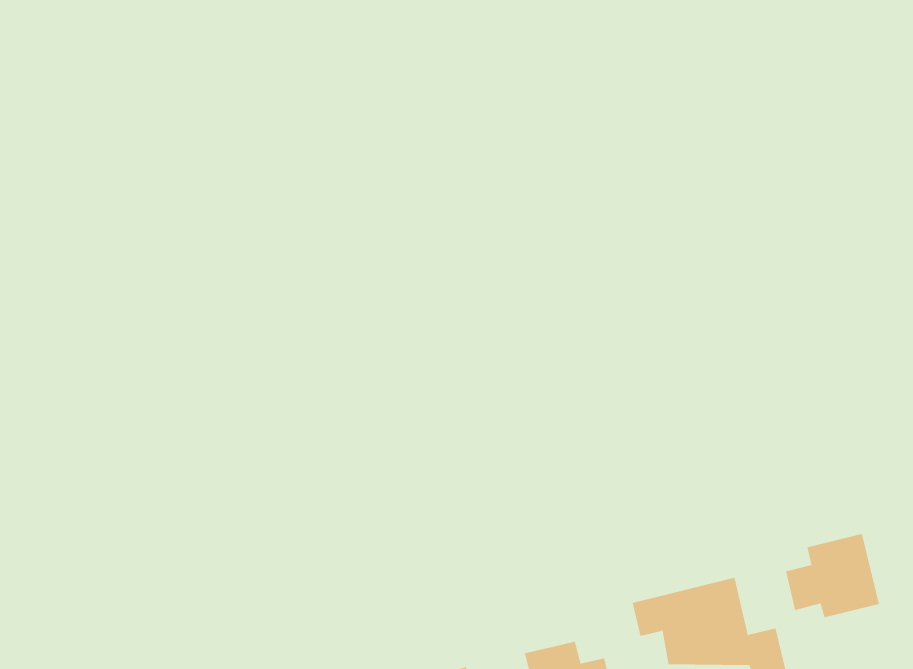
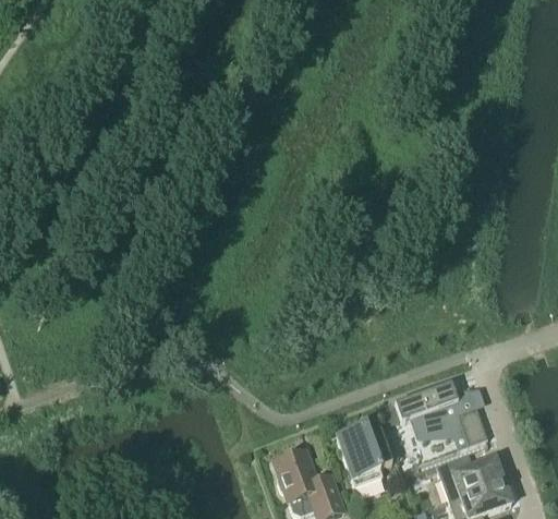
building: [785,533,879,618] -> none

